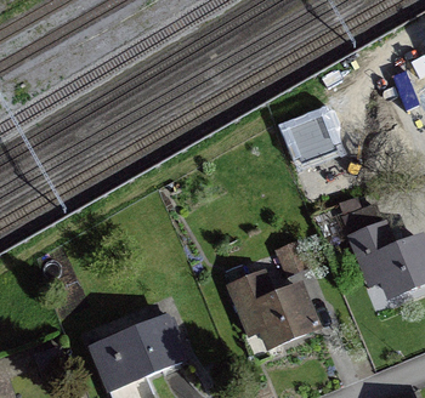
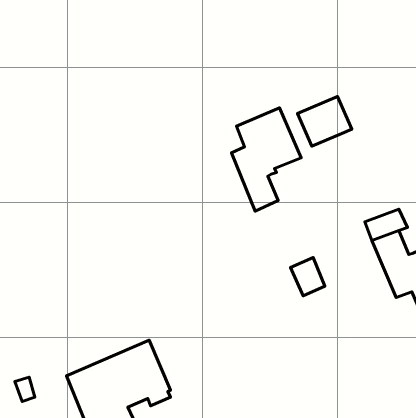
building: none -> [231,108,301,211]
building: [229,275,313,345] -> none

